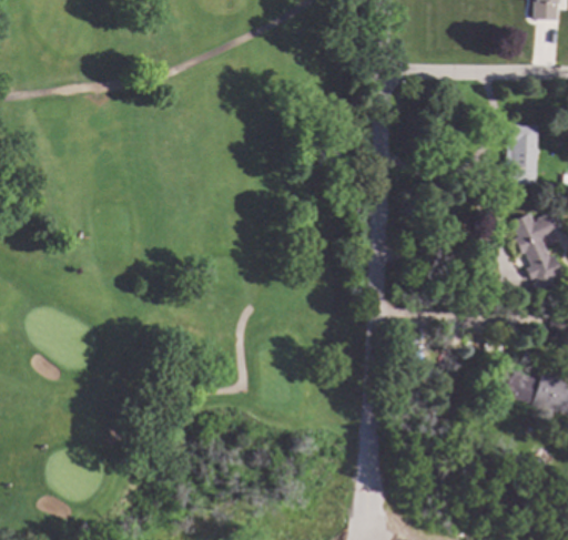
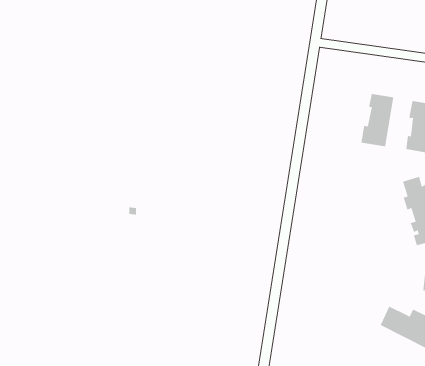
building: none -> [361,93,394,147]

